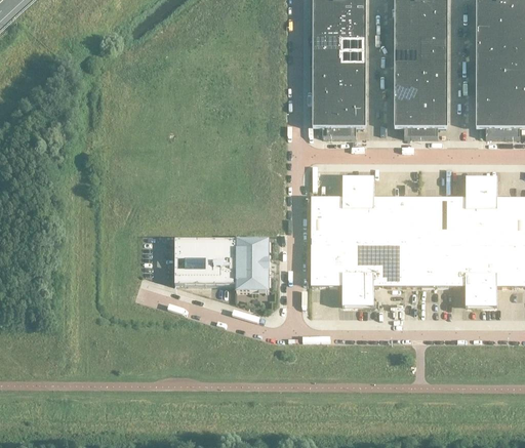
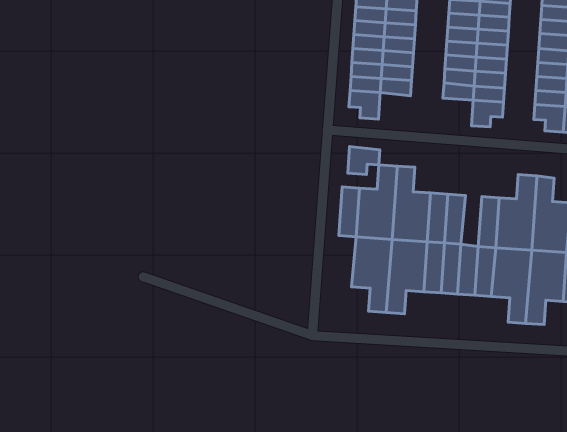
building: [339,112,366,135] -> [348,146,380,174]
building: [395,113,421,135] -> none
building: [419,197,435,241] -> none
building: [175,238,270,289] -> none
building: [312,240,327,284] -> none

